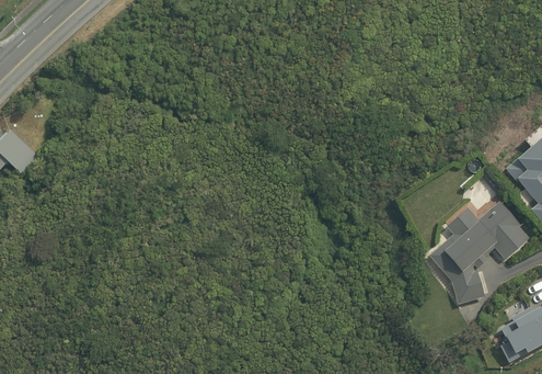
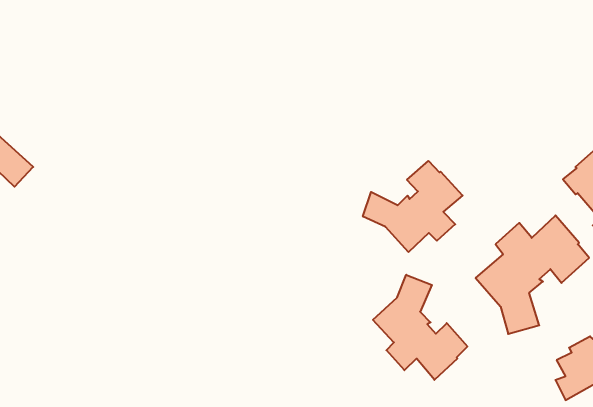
building: none -> [363,161,463,252]
building: none -> [373,275,467,380]

